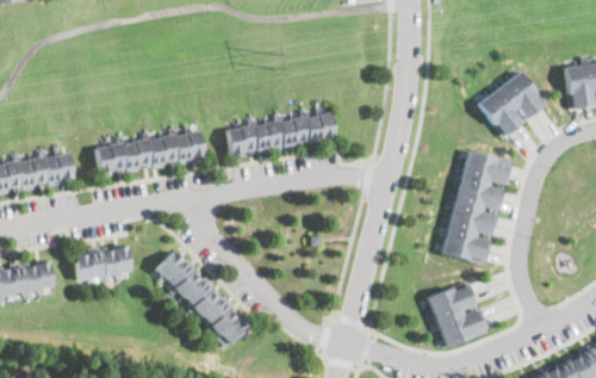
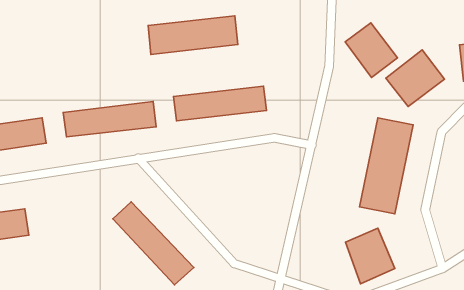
building: none -> [148,16,238,54]
building: none -> [345,23,398,77]
building: [75,244,134,280] -> none

